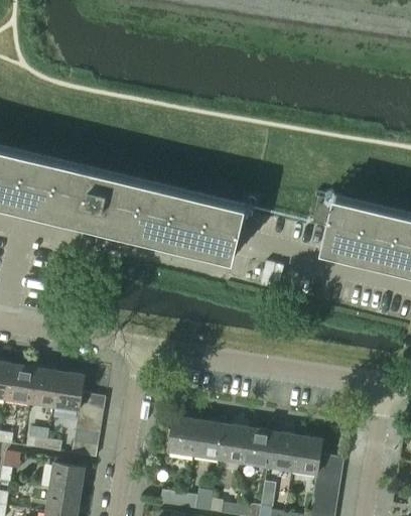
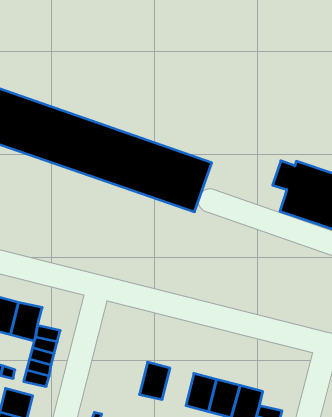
building: [168,419,198,458] -> none
building: [218,427,248,465] -> none

